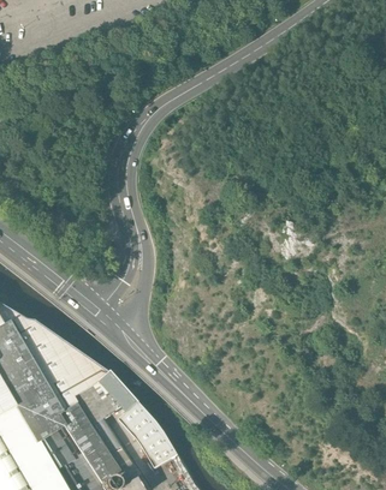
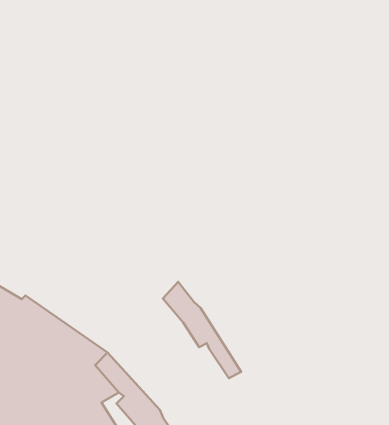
building: none -> [163,282,241,378]

